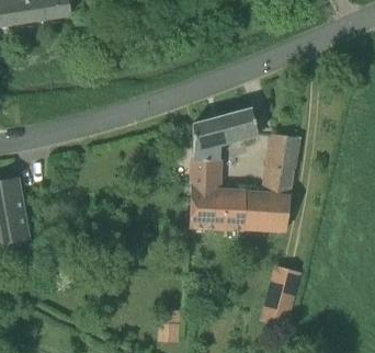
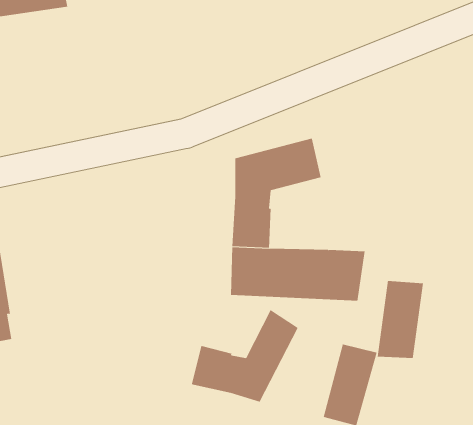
building: [263,135,298,193] -> [377,280,424,358]
building: none -> [191,309,298,403]

